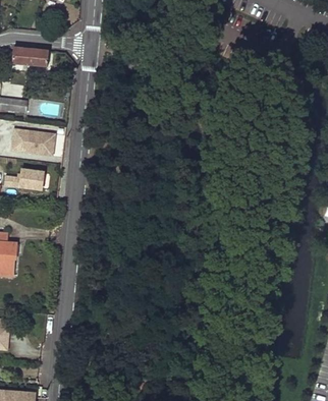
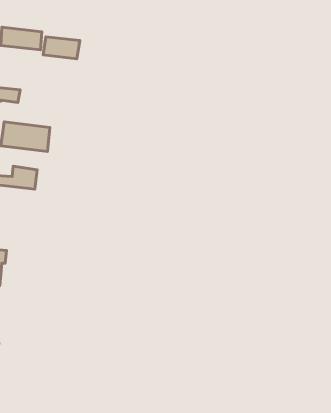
building: none -> [43,37,80,59]

